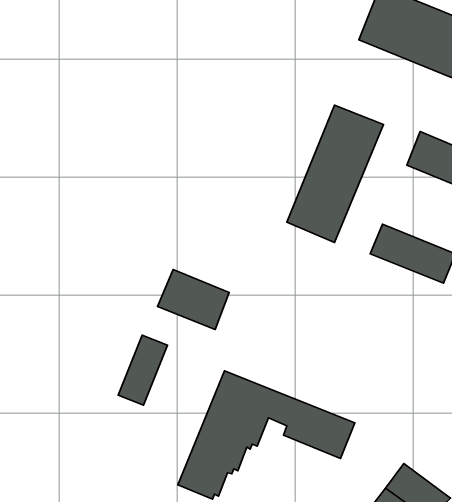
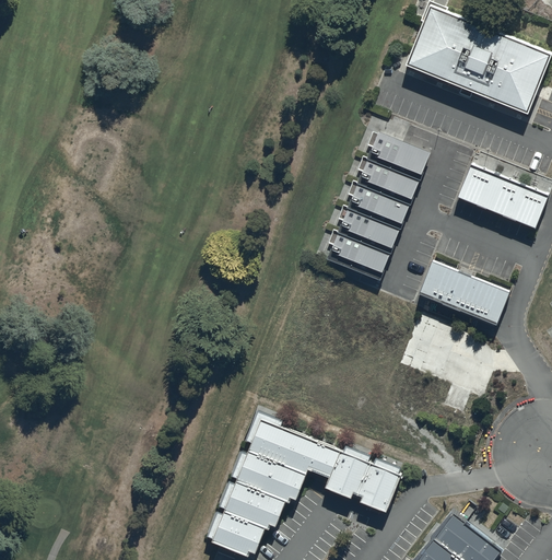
building: [158,269,229,329] -> none
building: [118,335,168,405] -> none

